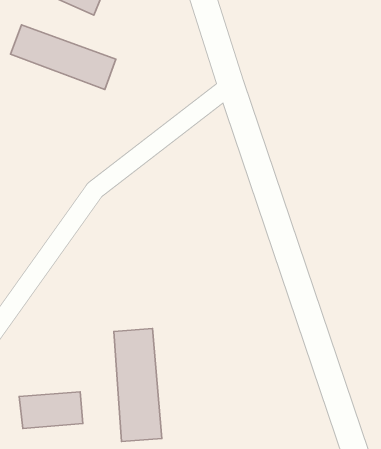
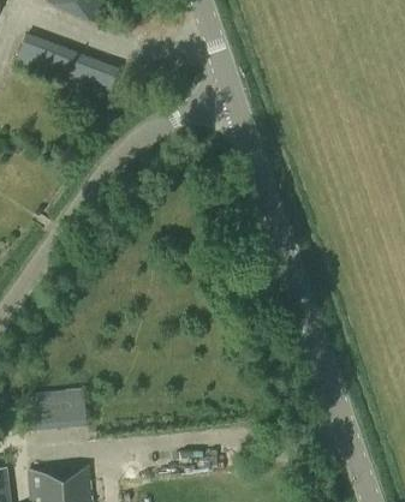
building: [114,328,162,441] -> none

